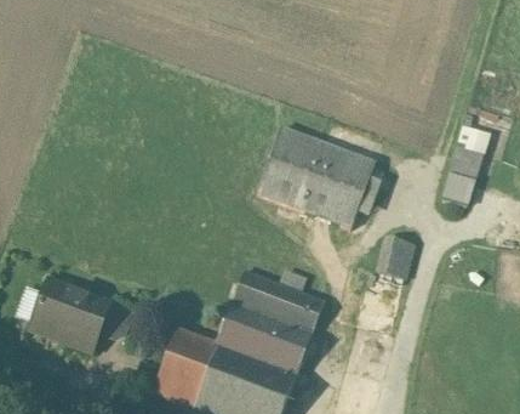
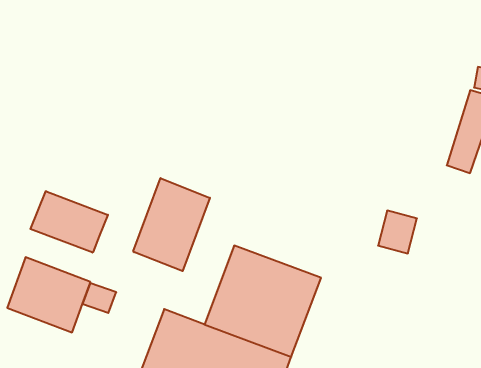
building: [257,127,376,227] -> none
building: none -> [133,178,210,271]
building: none -> [30,191,108,253]

